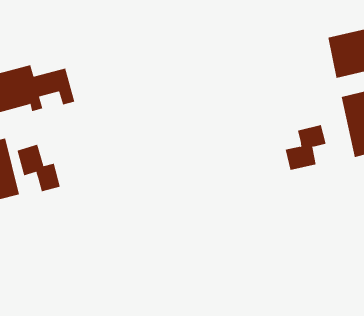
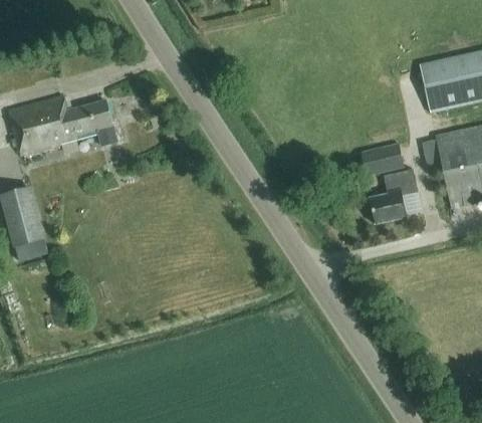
building: none -> [362,143,404,176]
building: [17,144,60,192] -> none

